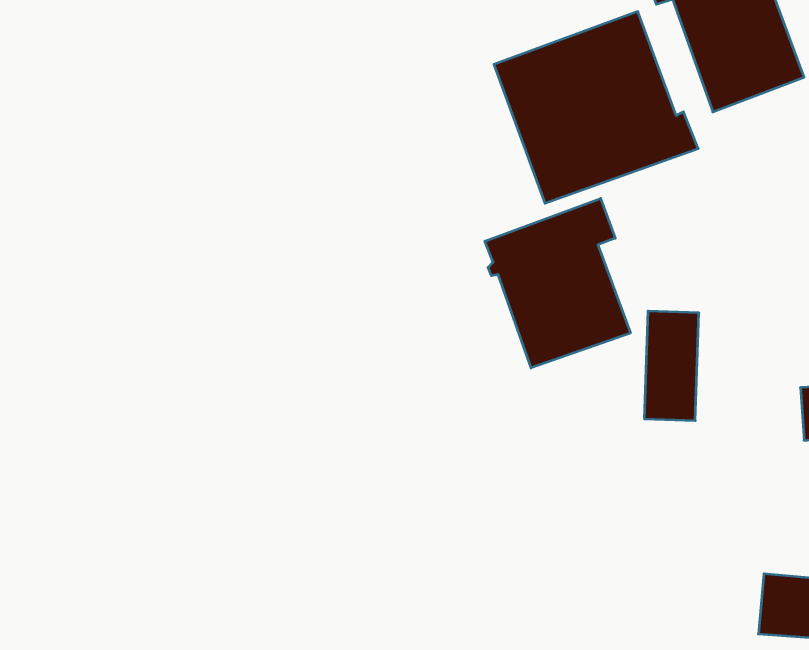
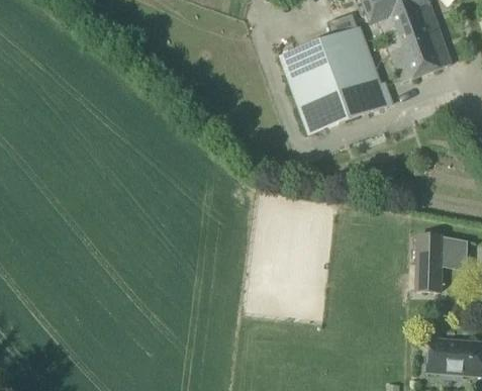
building: [485,198,630,368] -> none
building: [644,311,699,421] -> [413,231,444,292]

